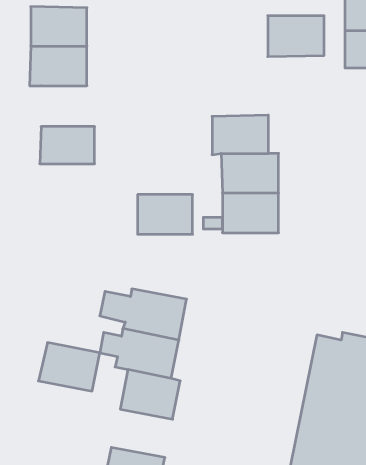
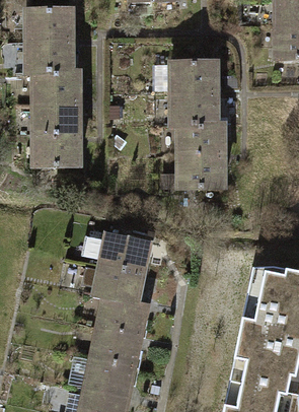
building: [268,16,324,57] -> [170,62,215,94]
building: none -> [34,70,78,102]
building: [138,195,193,234] -> [33,132,77,163]
building: [38,343,100,391] -> [90,327,139,365]

